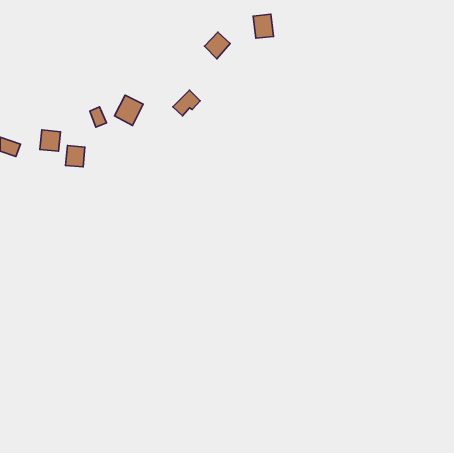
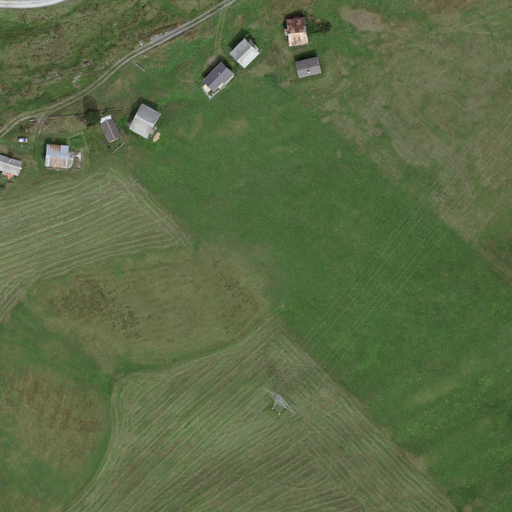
building: none -> [295,55,321,76]
building: [173,90,200,116] -> [202,60,233,89]
building: [66,145,85,167] -> none

